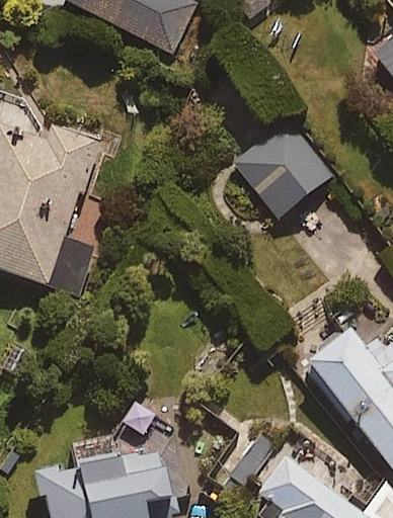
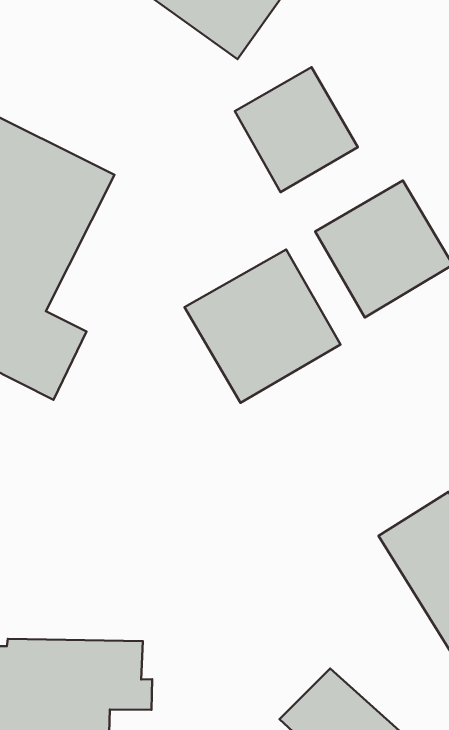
building: none -> [235,67,358,192]
building: none -> [184,250,341,403]

